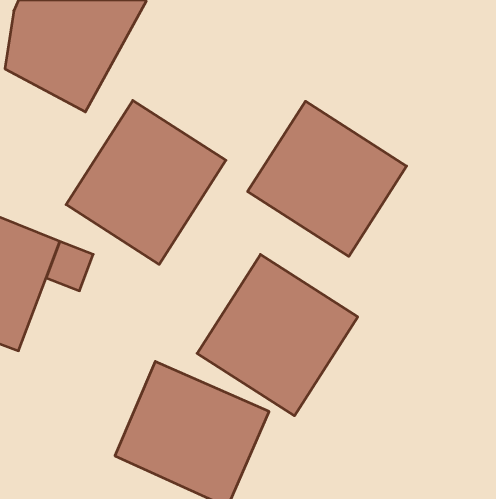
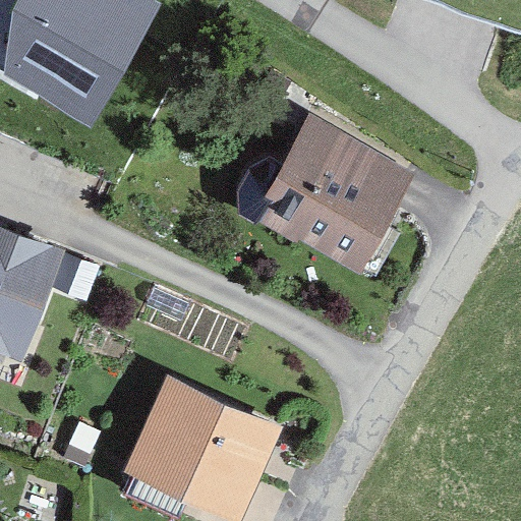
building: [66,100,226,264] -> none
building: [197,254,358,416] -> none

